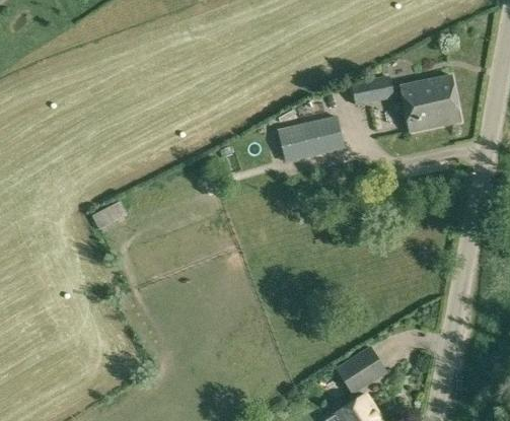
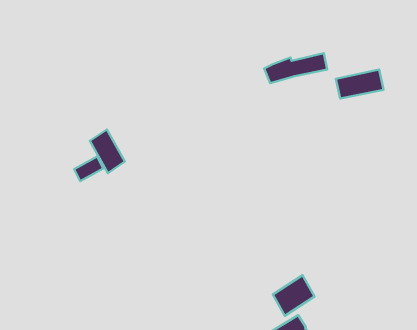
building: [400,75,456,109] -> none
building: [280,117,346,160] -> none
building: none -> [90,129,125,173]

